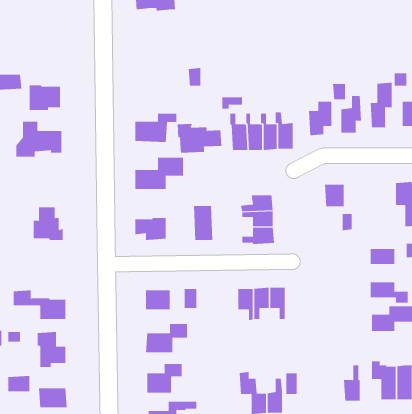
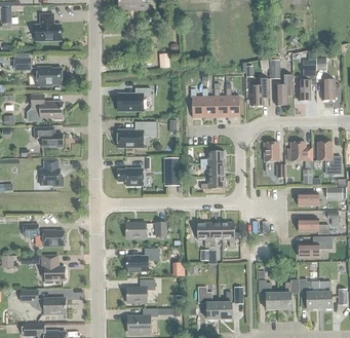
building: none -> [35,13,61,40]
building: [177,123,222,154] -> none
building: none -> [34,126,62,146]
building: none -> [286,141,311,167]
building: none -> [258,278,278,308]

